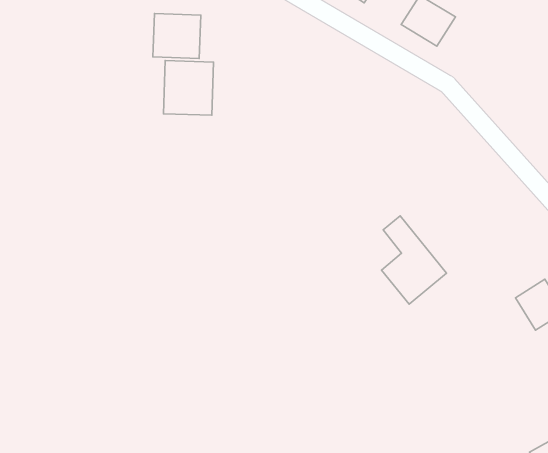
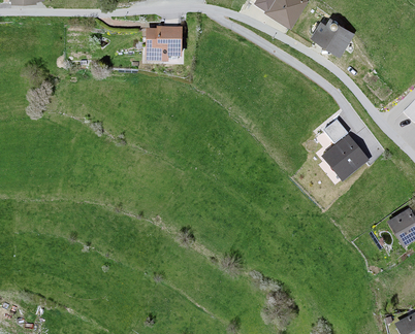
building: [164,61,213,115] -> none
building: [382,216,446,304] -> [322,123,365,181]

